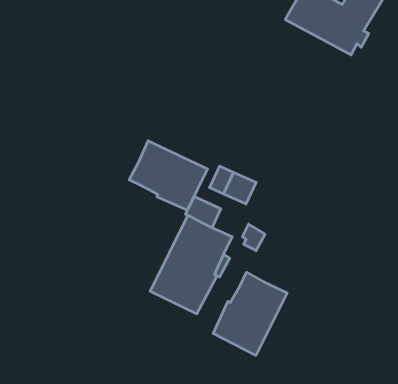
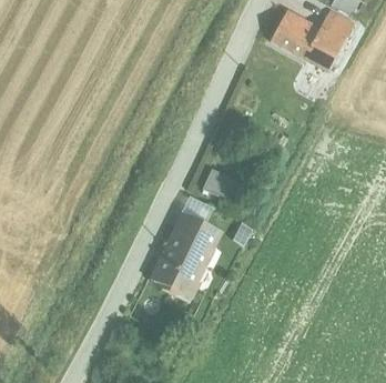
building: [129,141,208,210] -> none
building: [213,272,287,355] -> none

